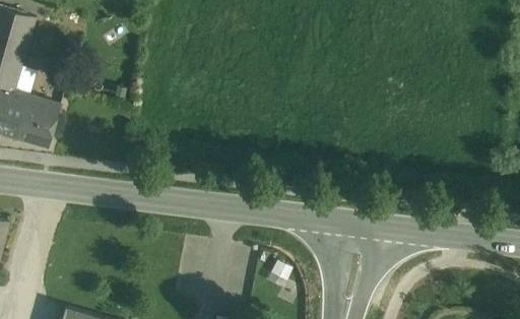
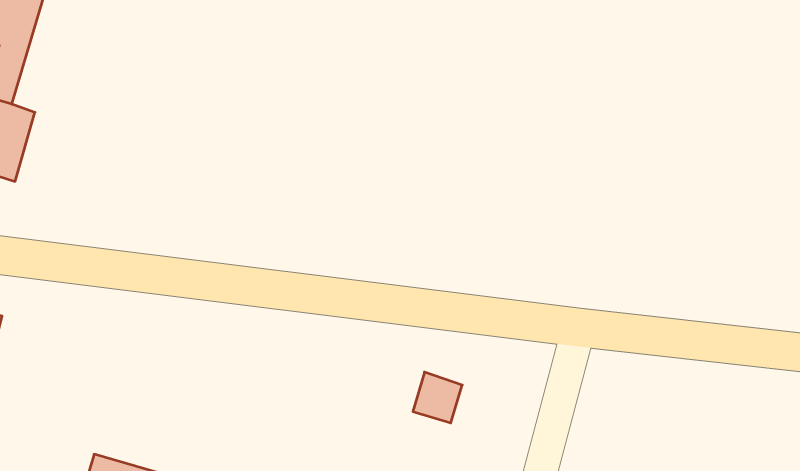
building: [16,97,60,148] -> none

